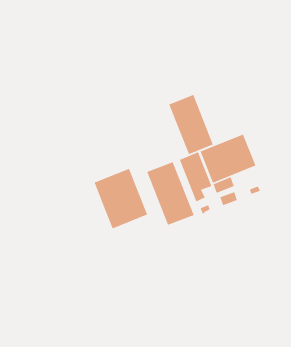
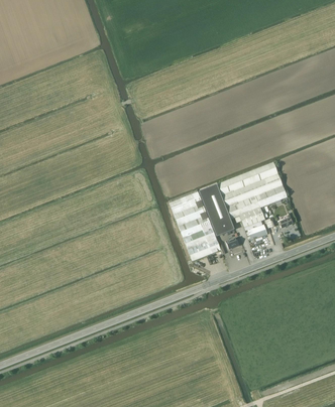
building: [168,94,214,155] -> none
building: [93,168,148,229] -> none

